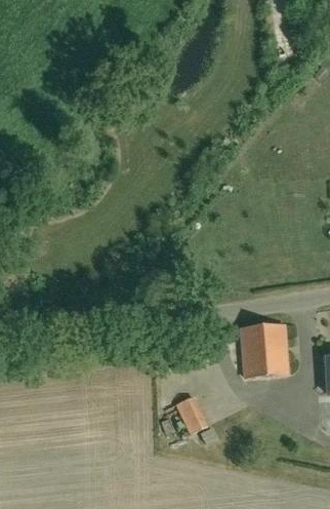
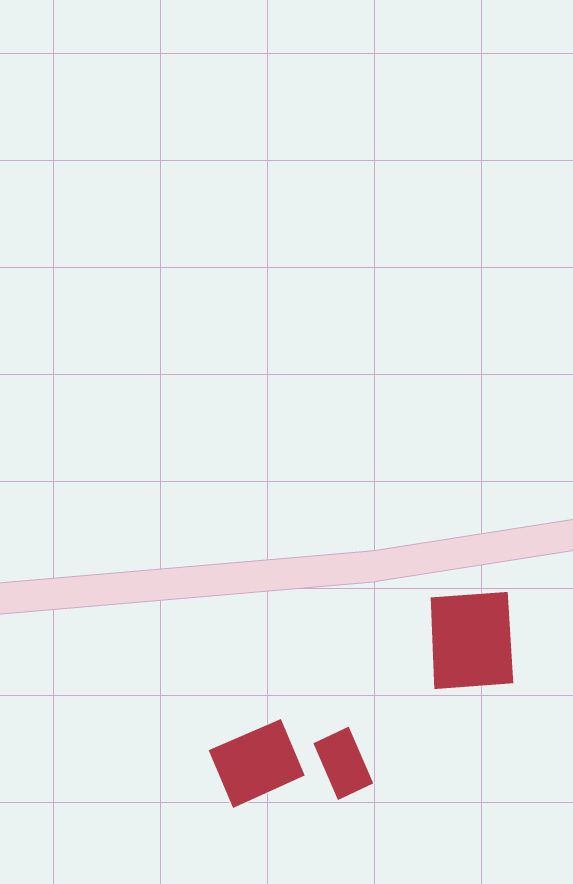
building: none -> [208,718,305,809]

